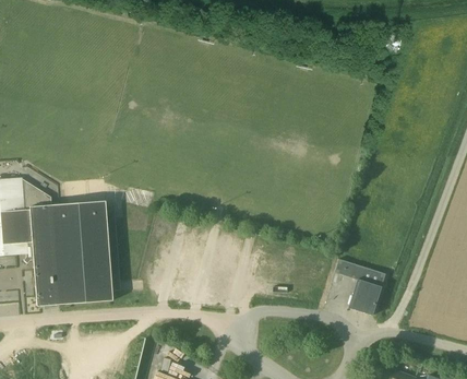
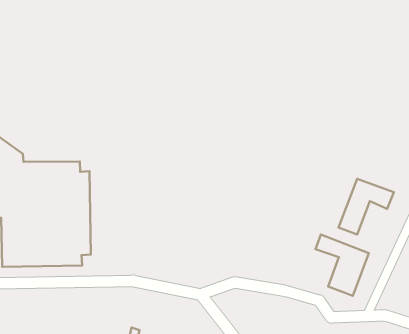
building: none -> [338,179,394,235]

